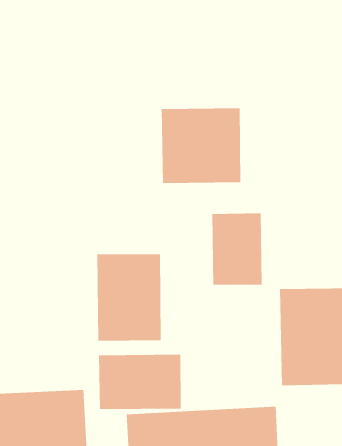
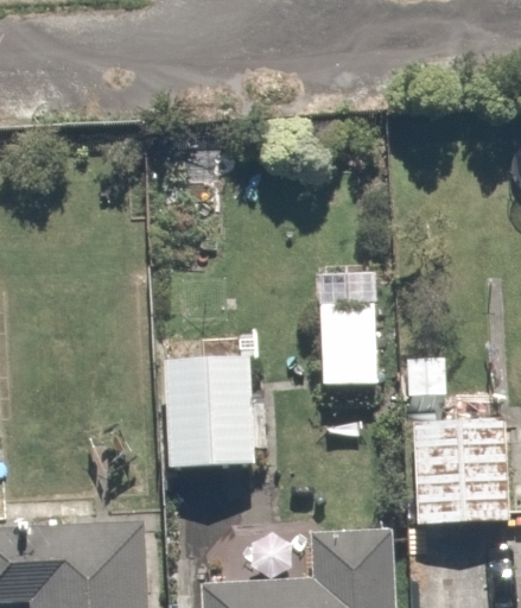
building: [161,107,241,184] -> none
building: [98,354,181,410] -> none

